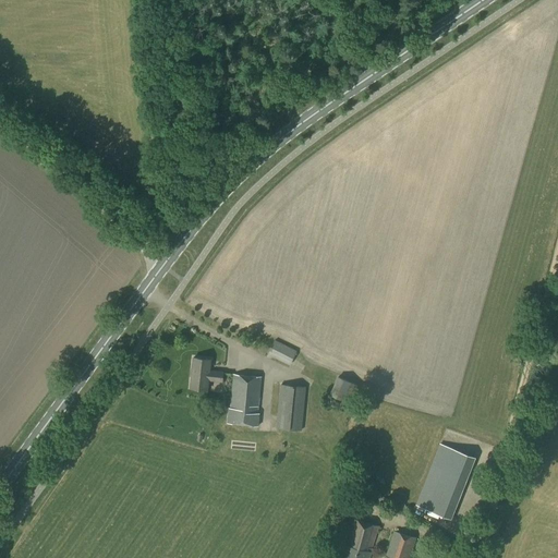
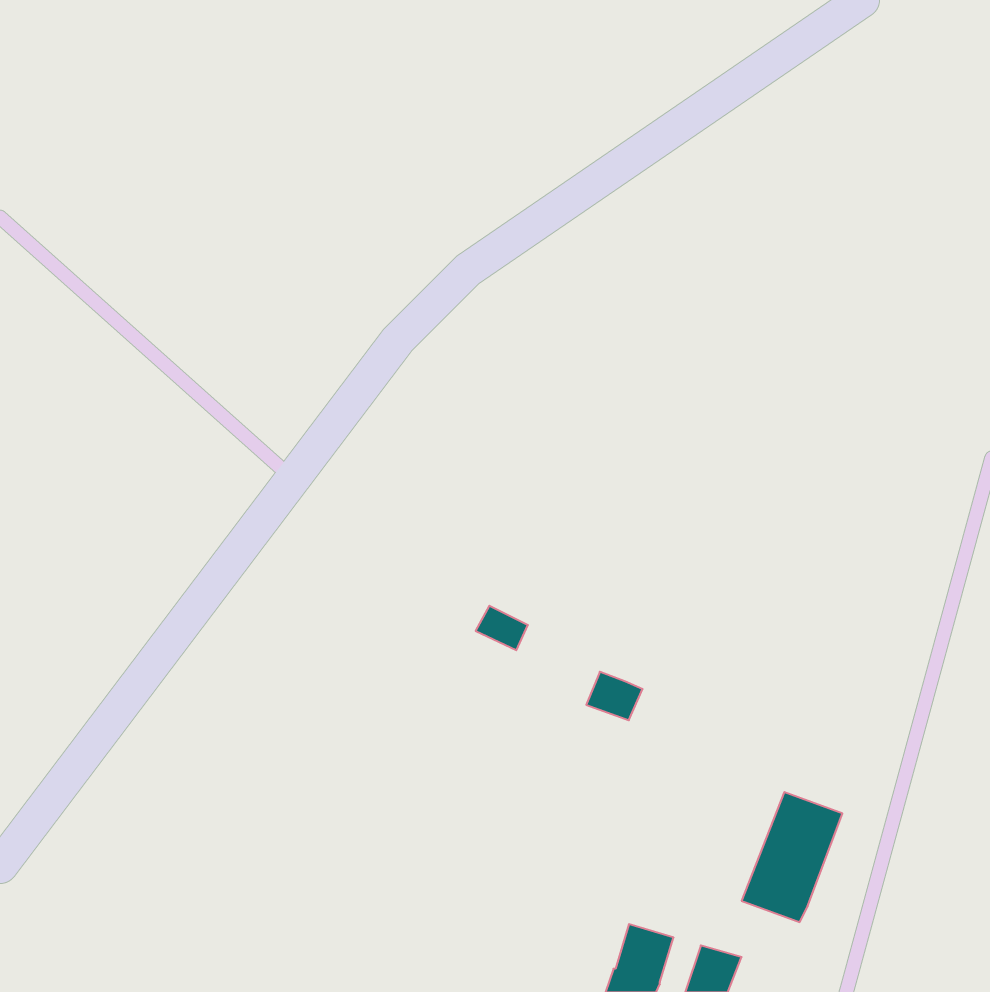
building: [191,357,223,390] -> none
building: [229,375,262,426] -> none
building: [278,385,306,430] -> none

